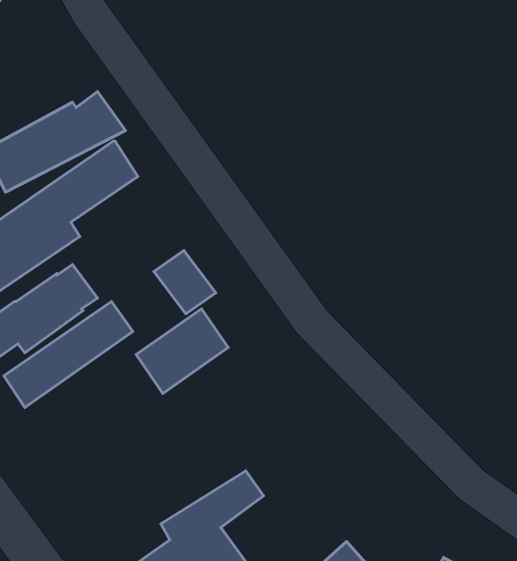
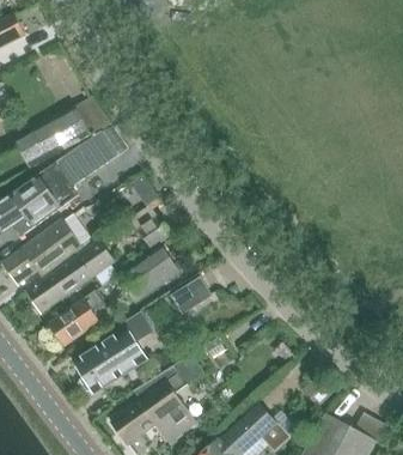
building: none -> [171,277,212,313]
building: none -> [49,290,105,345]
building: none -> [74,311,152,393]

